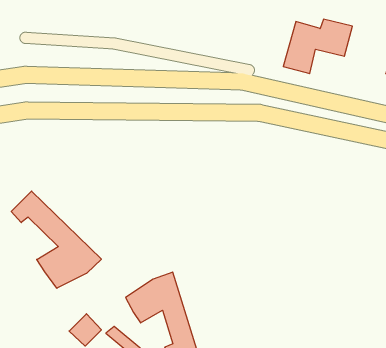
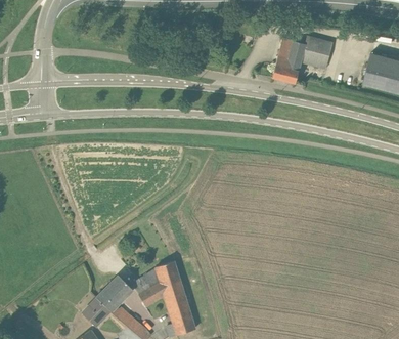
building: [11,191,101,288] -> none
building: none -> [97,274,133,311]

